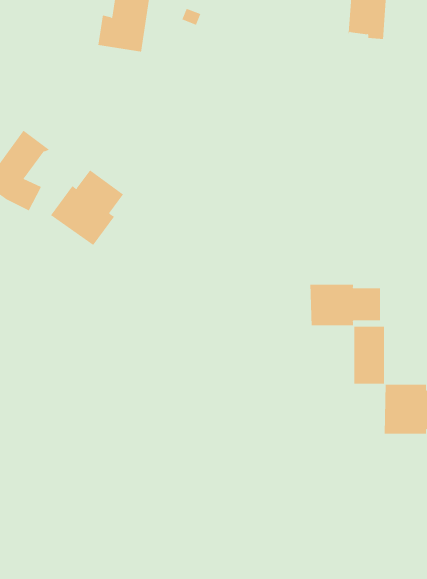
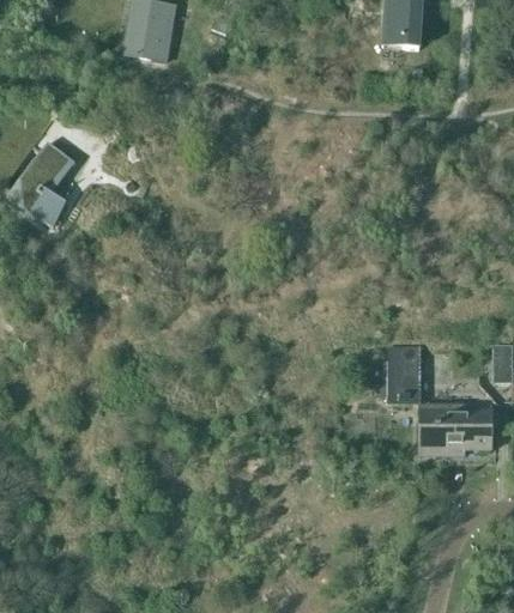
building: [50,169,124,246] -> none
building: [310,284,380,326] -> none

